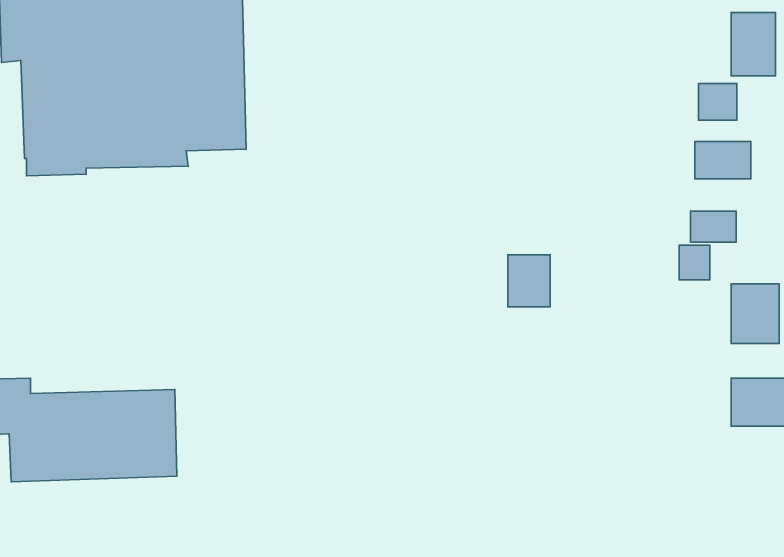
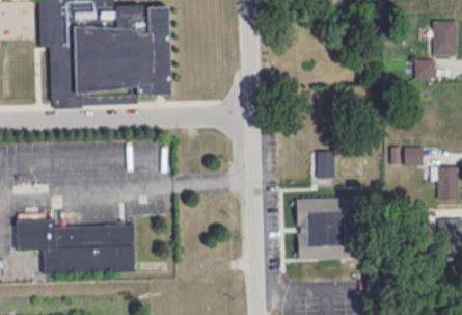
building: [695,142,751,179] -> none
building: [691,211,736,242] -> none
building: none -> [295,195,355,259]

